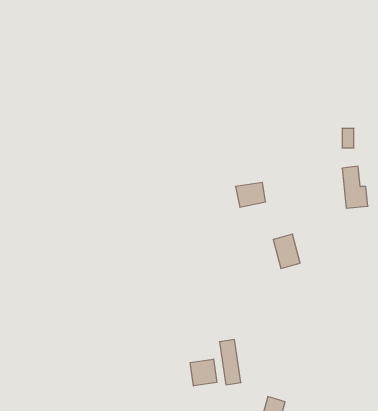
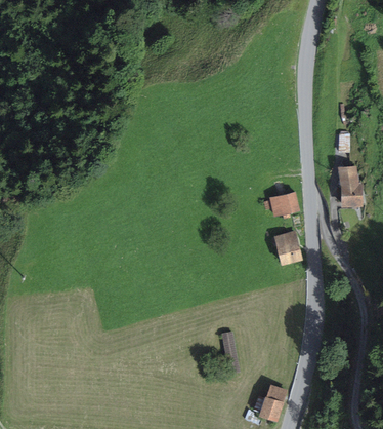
building: [235,182,266,207] -> [272,193,301,217]
building: [190,359,217,386] -> none

